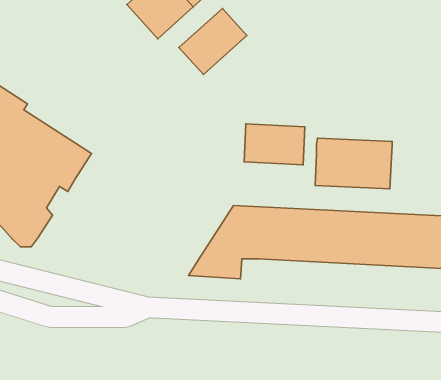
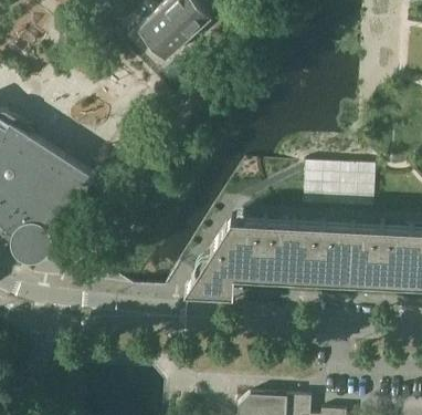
building: [179,8,247,74] -> none
building: [244,124,305,165] -> none

